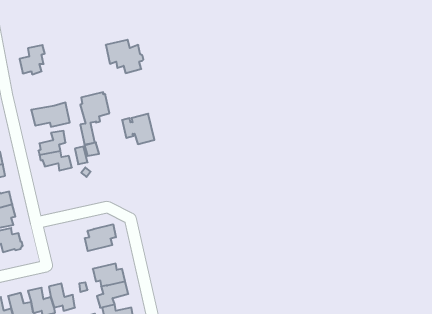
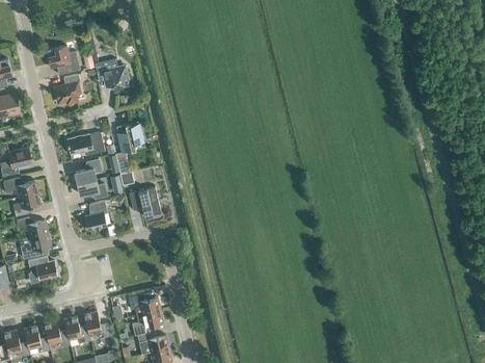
building: none -> [46,45,80,74]
building: [106,40,143,73] -> [95,58,132,92]
building: [122,114,154,144] -> [129,186,161,216]
building: none -> [84,200,107,230]
building: [85,224,116,251] -> none

